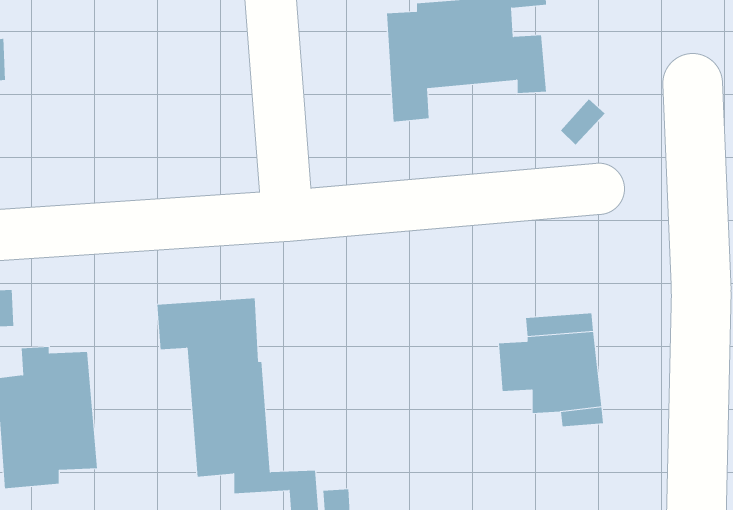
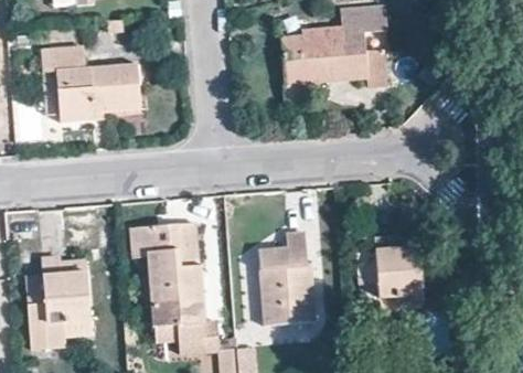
building: none -> [40,45,140,124]
building: none -> [259,230,312,326]

